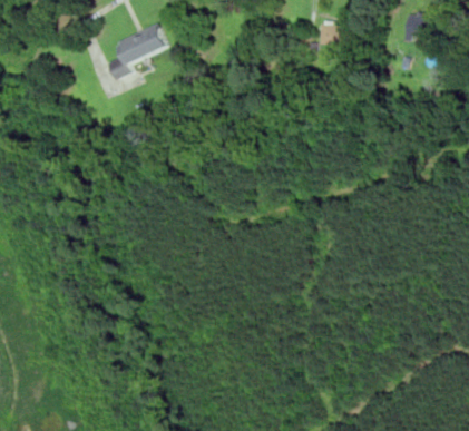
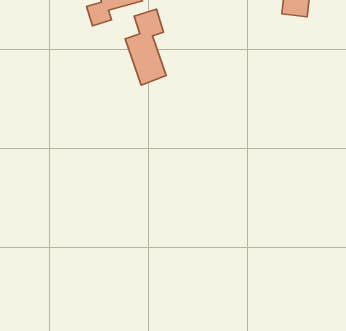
building: none -> [125,9,166,85]

